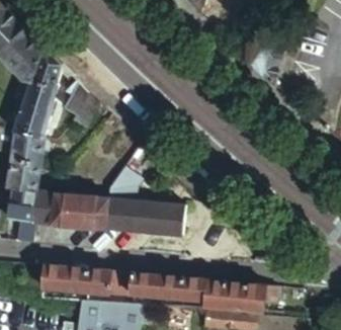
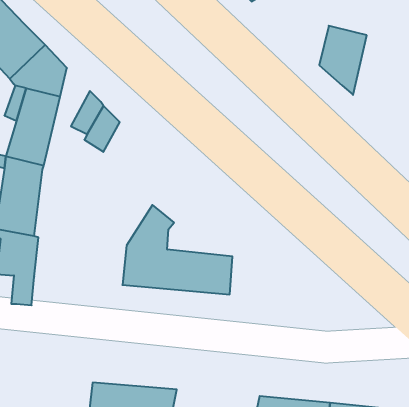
building: [36,190,105,227] -> none
building: [41,264,126,294] -> none
building: [132,273,277,313] -> none

